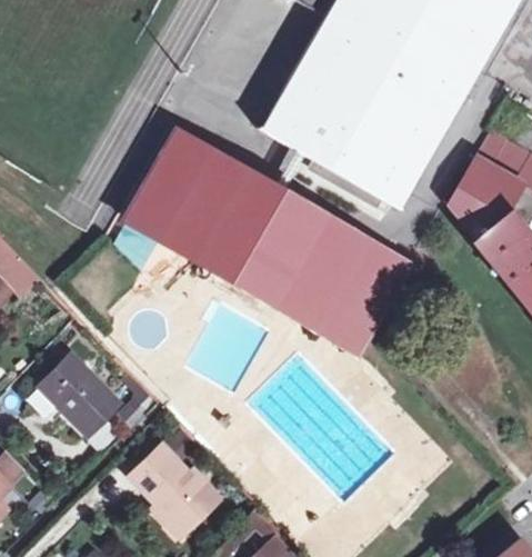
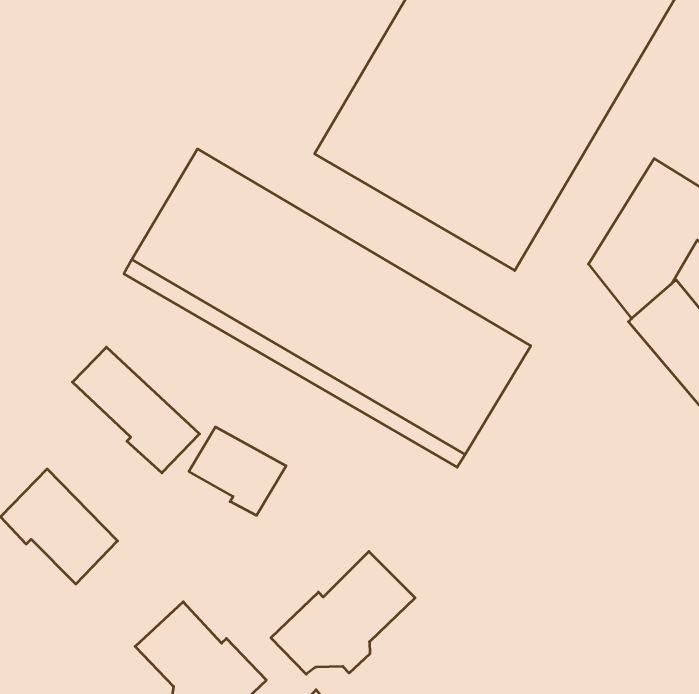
building: none -> [72,347,200,473]
building: none -> [189,427,286,515]
building: none -> [271,551,415,674]

